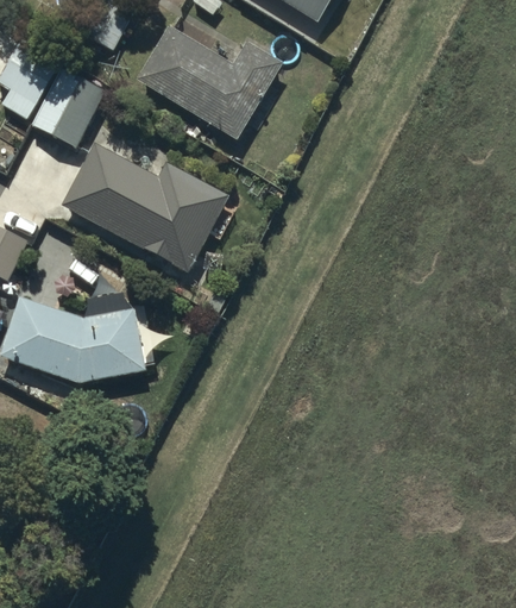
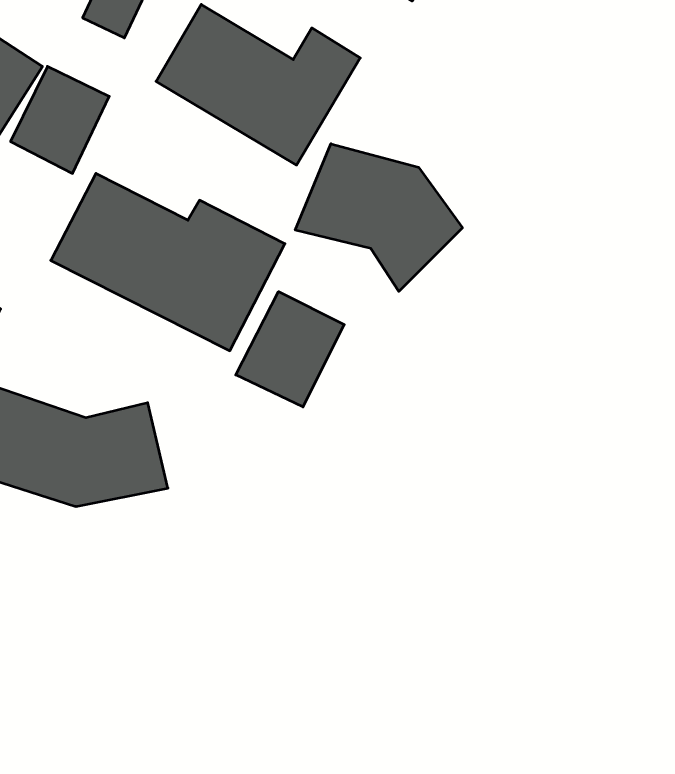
building: none -> [295,144,462,291]
building: none -> [236,292,344,407]

